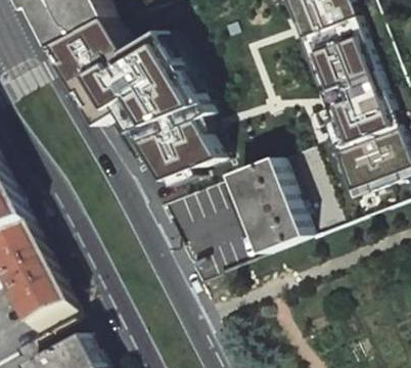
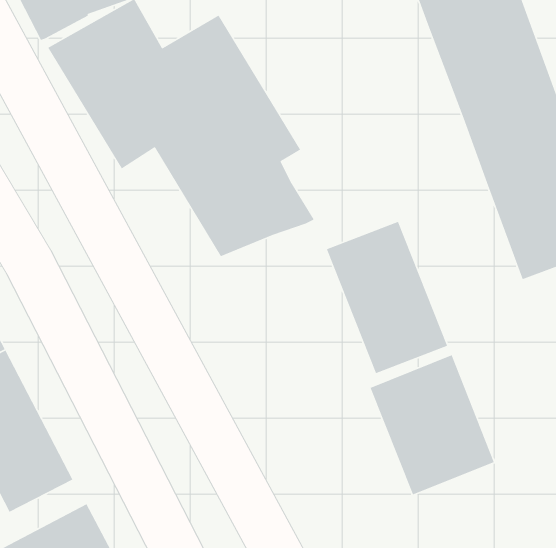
building: none -> [370,354,495,496]

